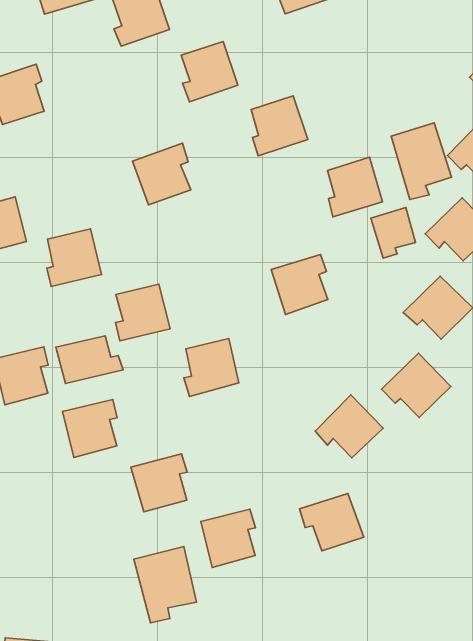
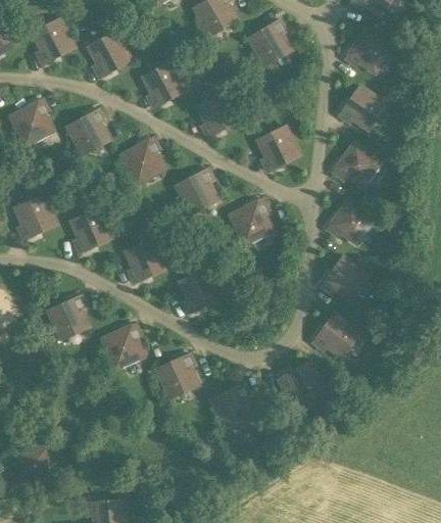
building: none -> [247,19,291,66]
building: none -> [66,109,109,155]
building: [391,123,451,200] -> none
building: none -> [176,170,218,215]
building: [371,208,415,258] -> none
building: [56,336,123,383] -> none
building: [315,395,383,458] -> [313,314,360,358]
building: [134,547,196,623] -> none

